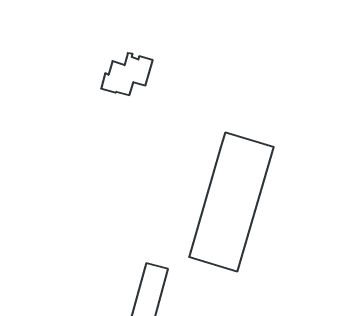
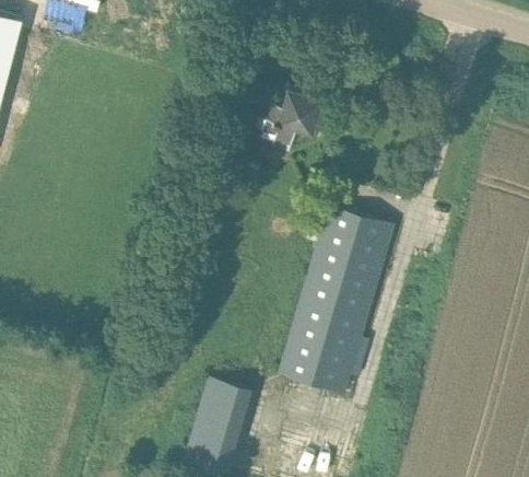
building: [101,53,153,95] -> [250,90,320,147]

